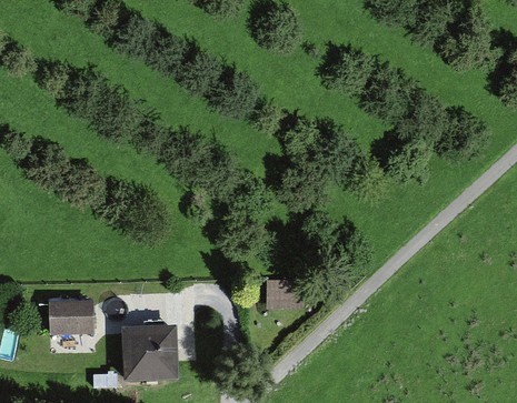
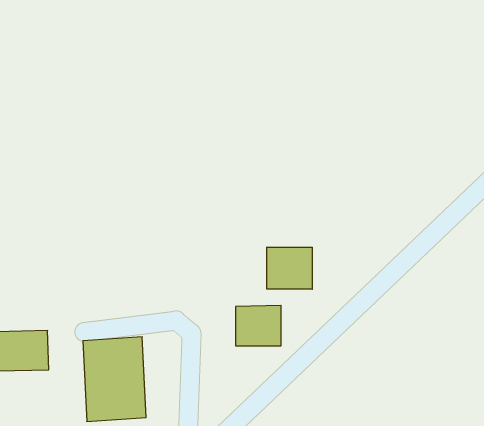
building: none -> [267,247,312,289]

